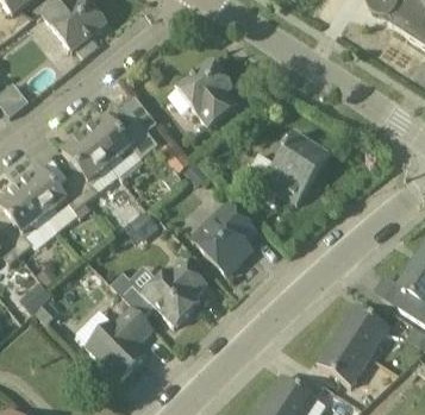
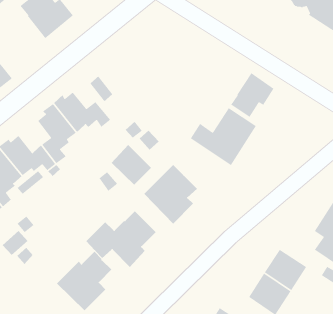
building: [176,58,237,125] -> none
building: none -> [230,72,275,118]
building: none -> [111,144,152,186]

